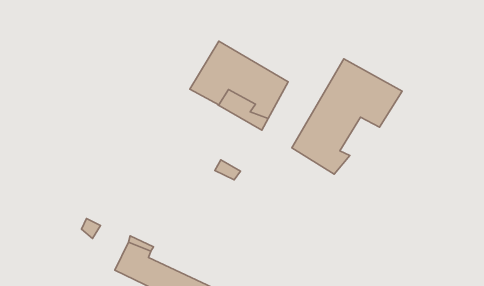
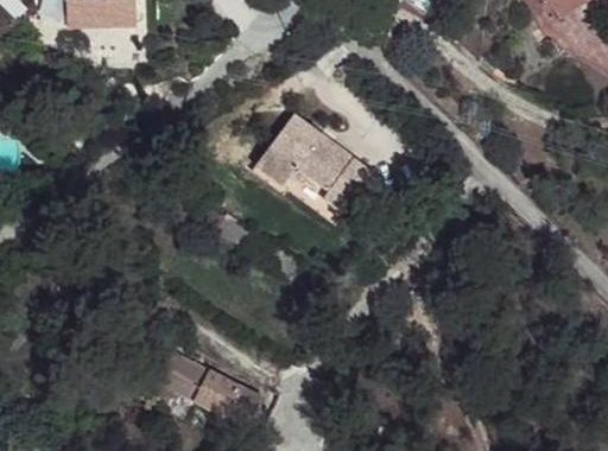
building: [292,59,402,174] -> none

